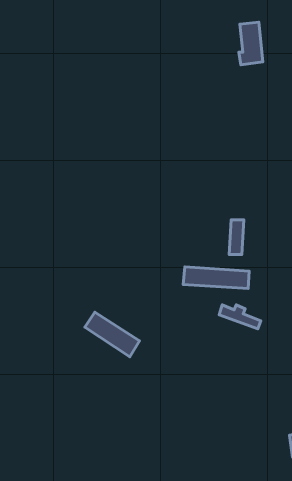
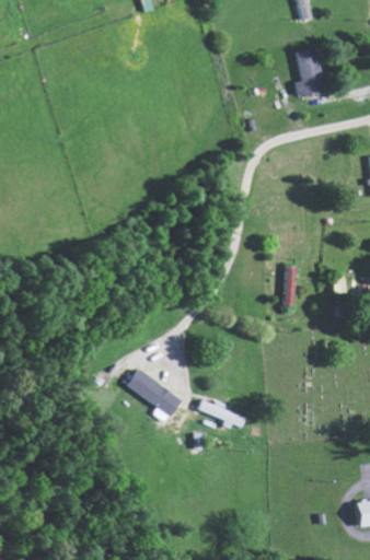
building: [183,267,249,288] -> none
building: [219,305,261,329] -> [197,400,243,427]

